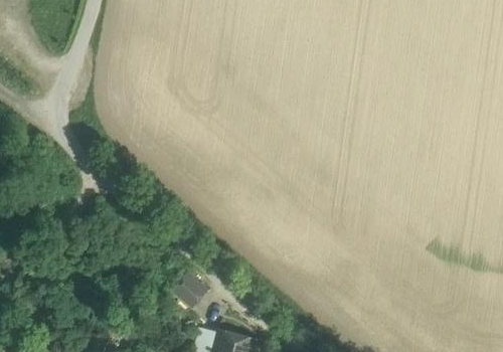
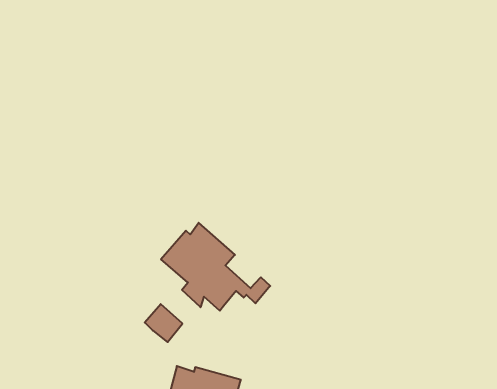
building: none -> [161,223,270,311]

